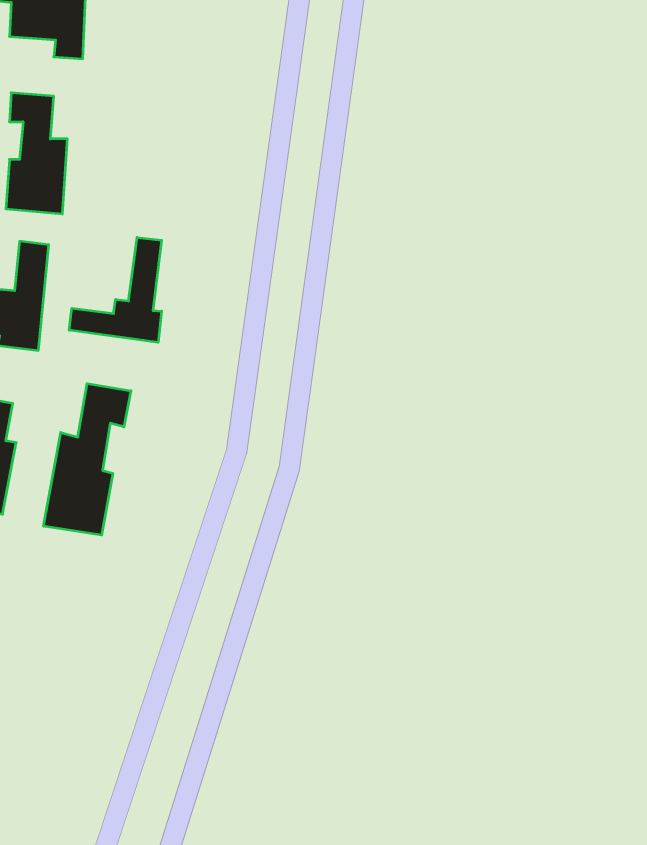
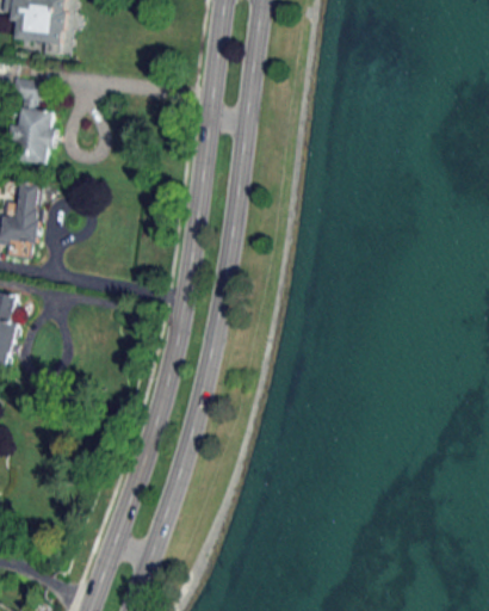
building: [69,237,162,342] -> none
building: [44,384,131,535] -> none

